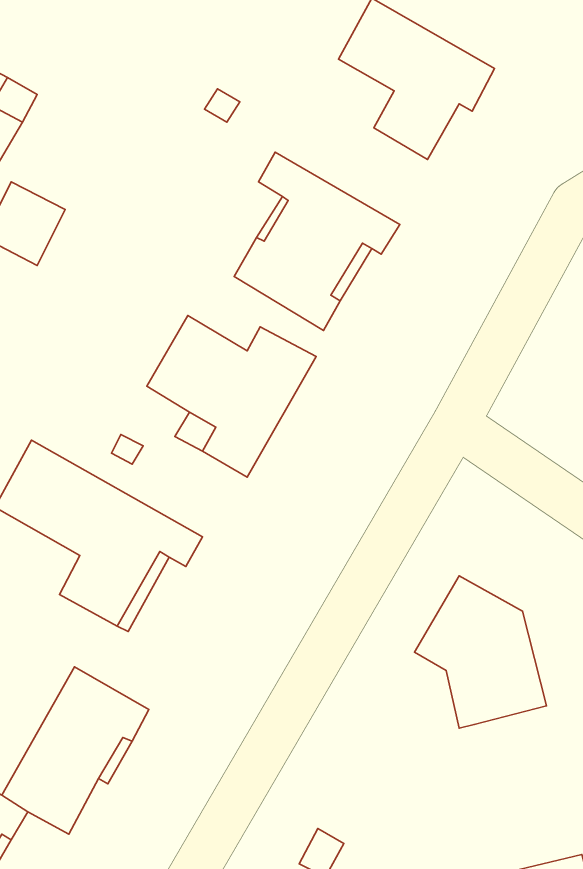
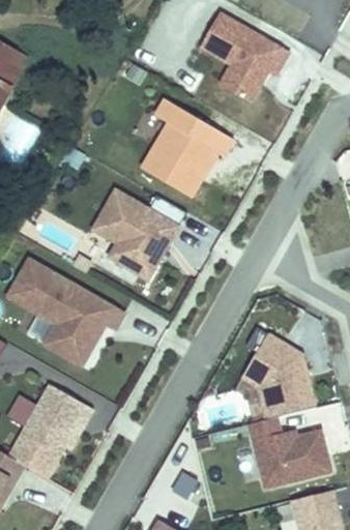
building: none -> [247,416,329,485]

